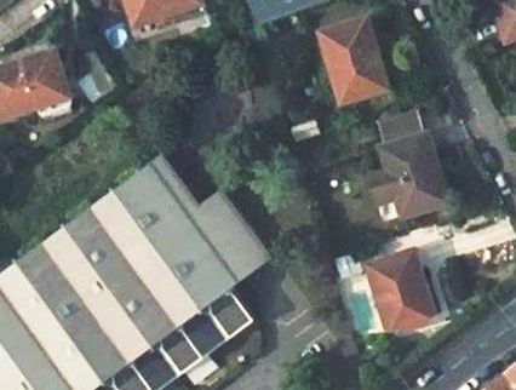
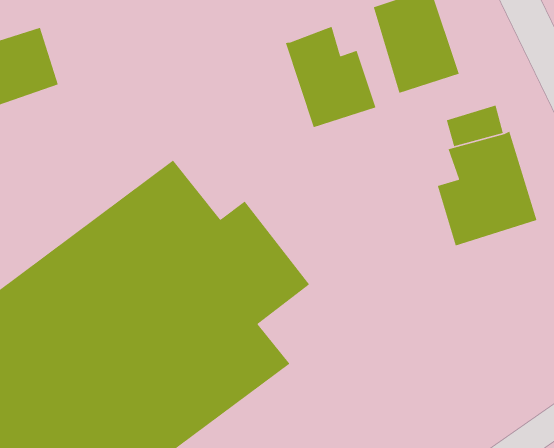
building: none -> [285,26,377,128]
building: [368,251,436,334] -> none

